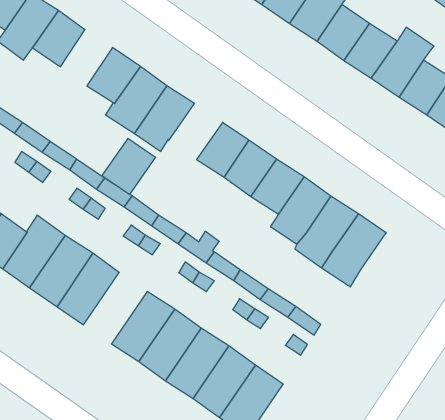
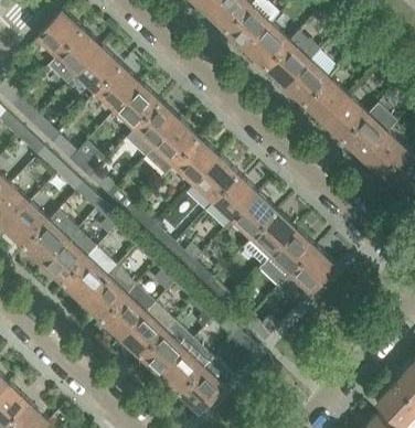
building: none -> [96,67,140,113]
building: [102,138,156,195] -> [173,140,219,185]
building: none -> [82,266,137,322]

